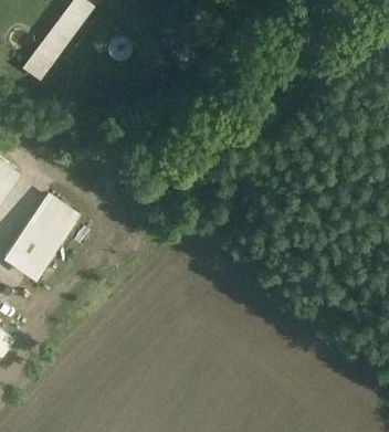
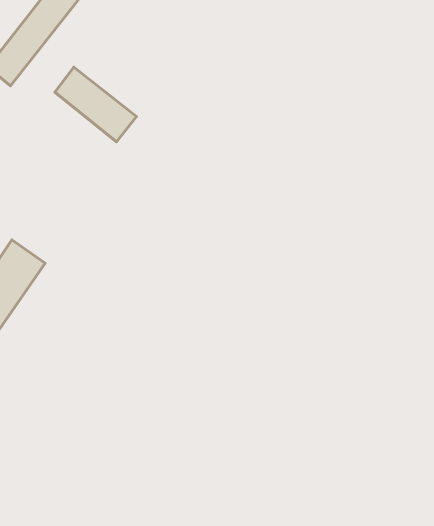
building: none -> [55,67,136,142]

